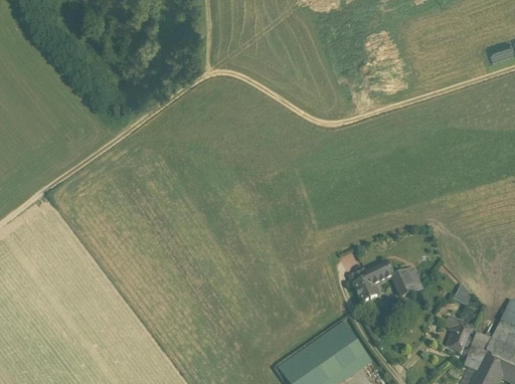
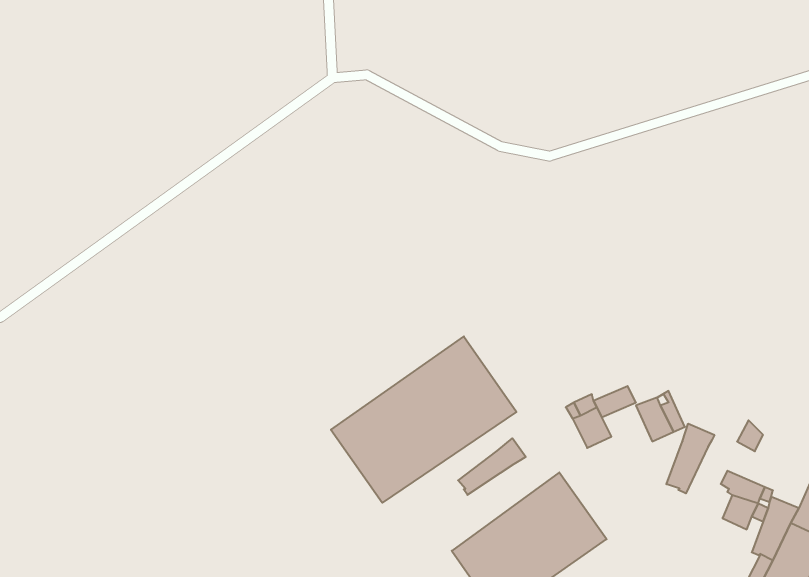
building: none -> [331,336,516,503]
building: none -> [666,424,714,493]
building: none -> [458,438,526,495]

